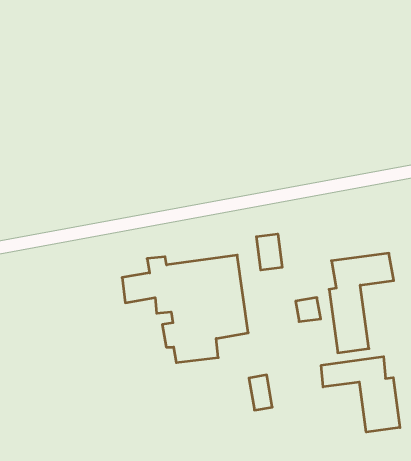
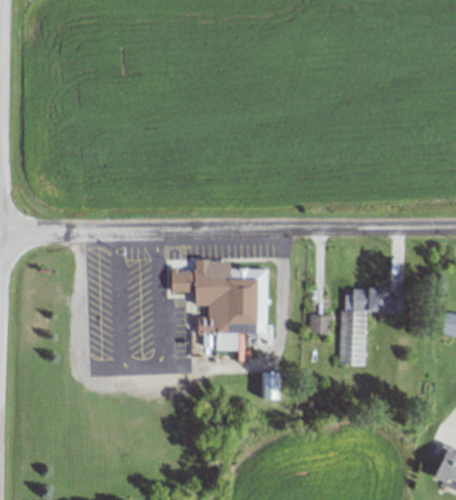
building: [256,234,282,270] -> none
building: [321,357,400,432] -> none

